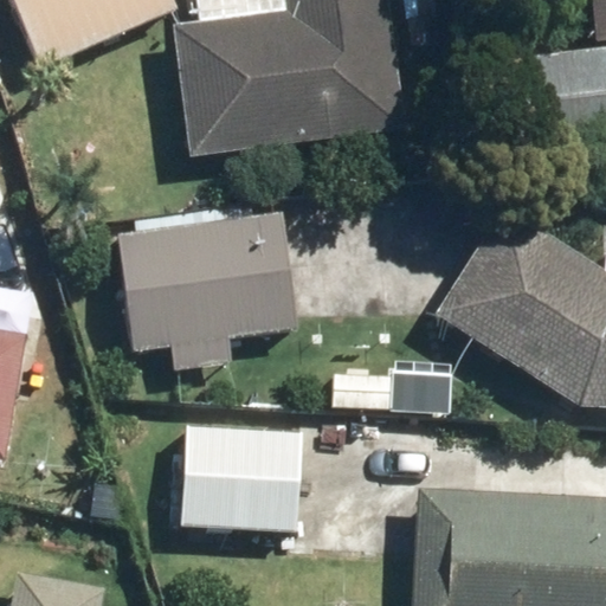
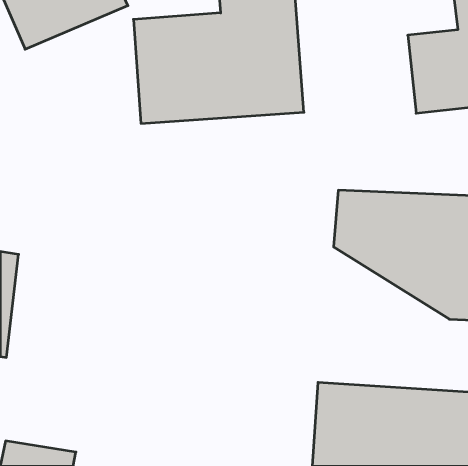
building: [115,202,302,370] -> none
building: [178,421,315,534] -> none

